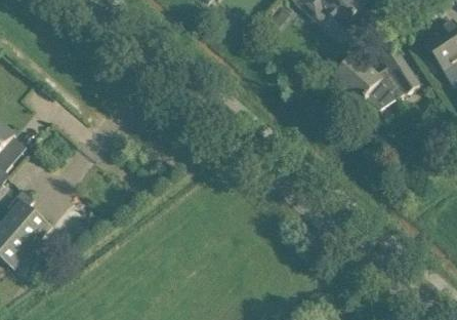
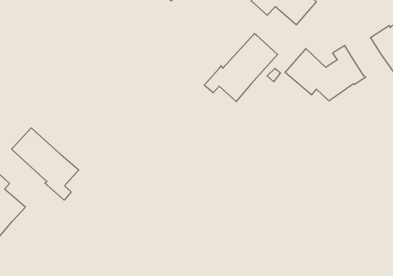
building: none -> [204,33,278,102]
building: none -> [12,128,79,200]

